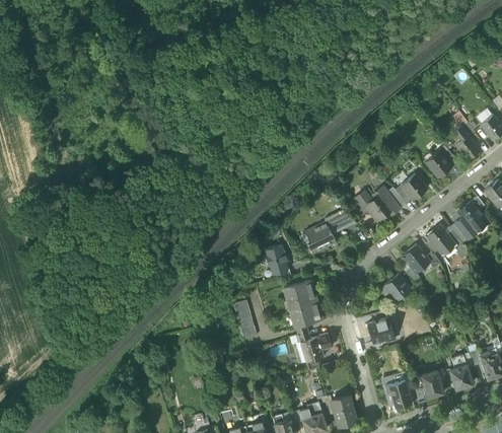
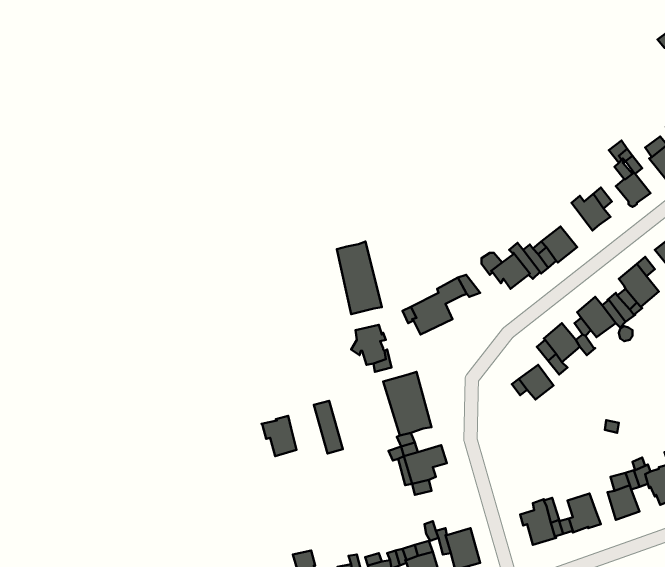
building: none -> [337,241,382,314]
building: none -> [262,416,296,456]
building: [367,318,393,345] -> none

